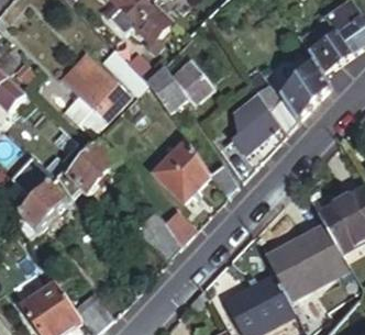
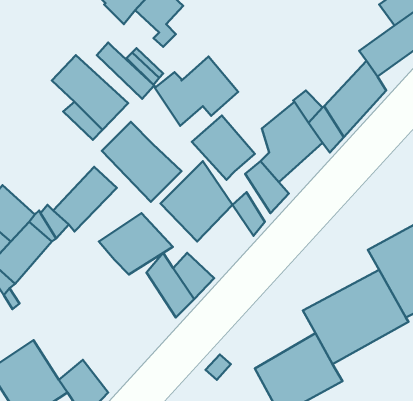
building: none -> [192,116,255,180]
building: none -> [102,122,182,202]
building: none -> [99,213,173,275]

